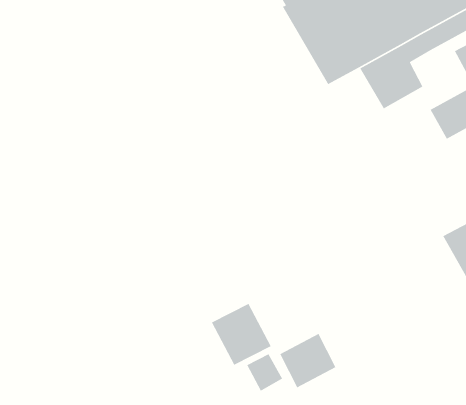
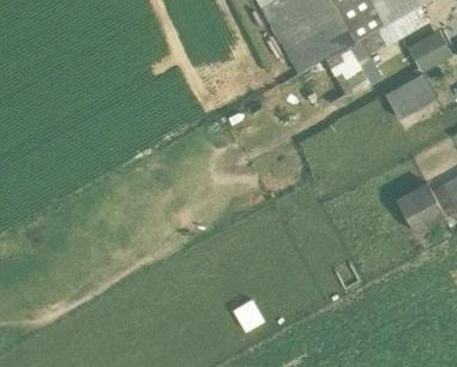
building: [211,303,272,366] -> none
building: [279,333,337,389] -> none

